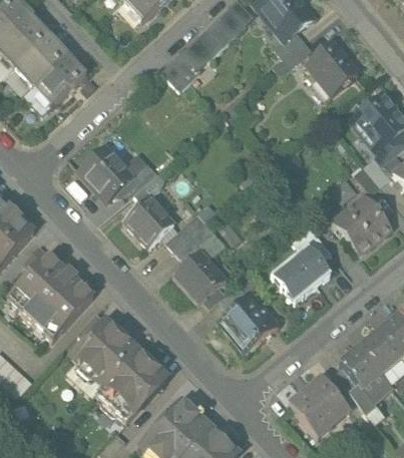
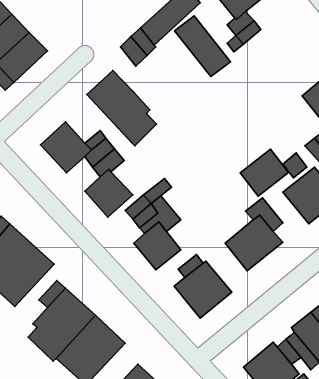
building: none -> [175,16,230,77]
building: [308,40,359,89] -> none
building: none -> [87,70,156,146]
building: none -> [240,149,289,196]

